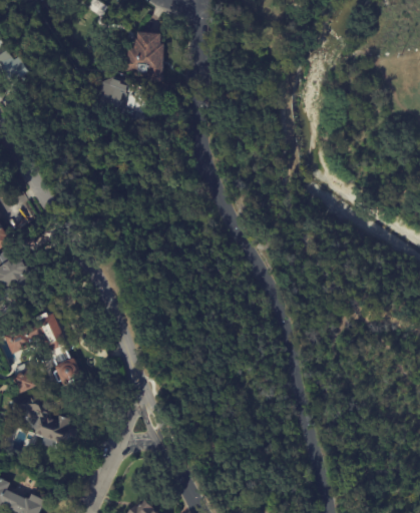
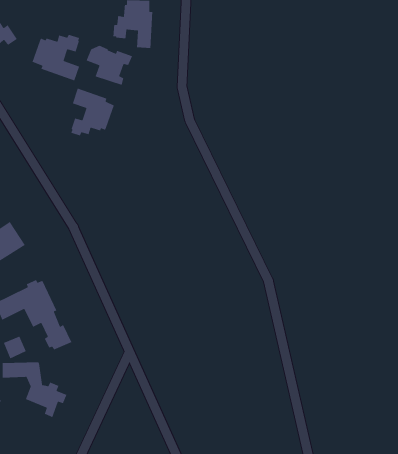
building: none -> [32,34,80,82]
building: none -> [70,87,115,136]

